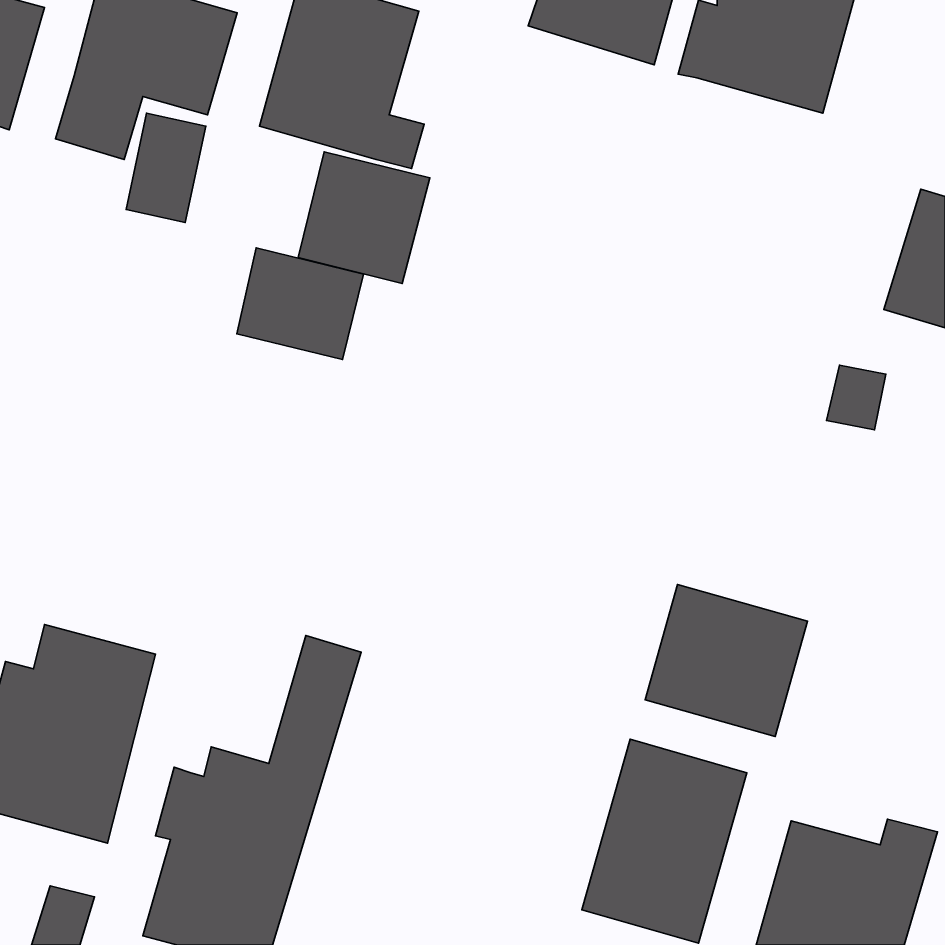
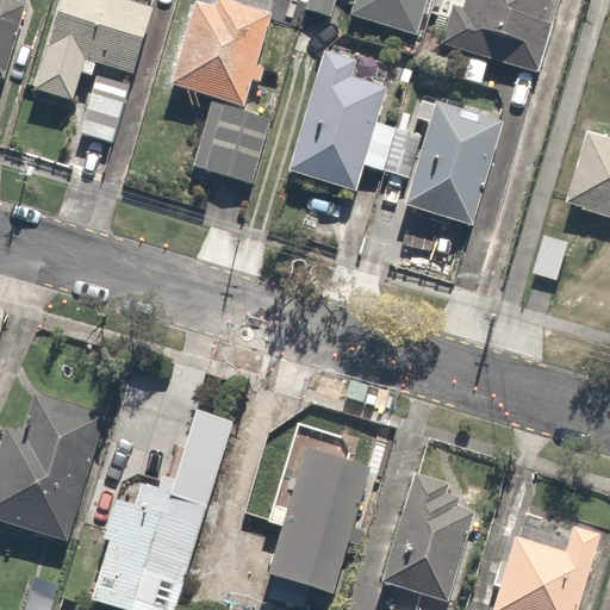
building: none -> [285,45,396,192]
building: none -> [403,101,500,224]
building: [237,248,364,360] -> none
building: [645,584,807,737] -> none
building: none -> [267,450,372,591]

